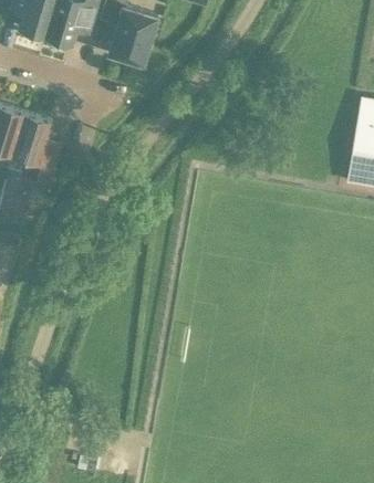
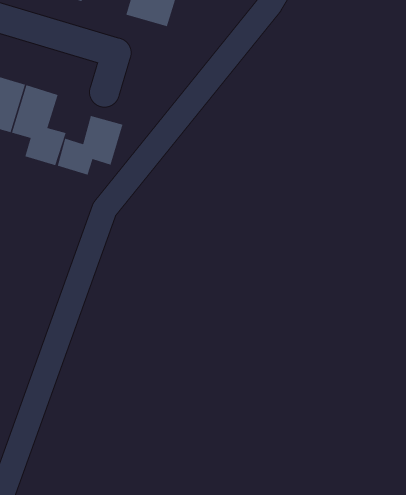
building: none -> [57,115,123,176]

